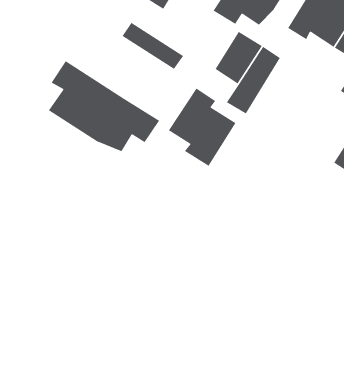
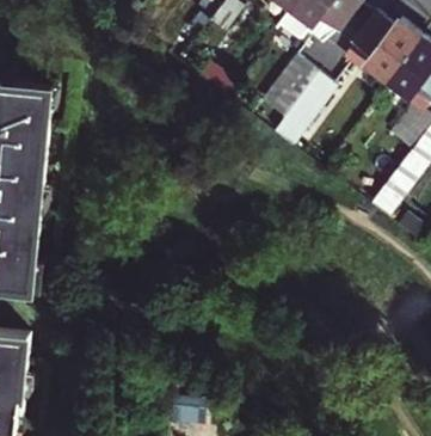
building: [48,60,160,152] -> none
building: [168,88,236,167] -> none

